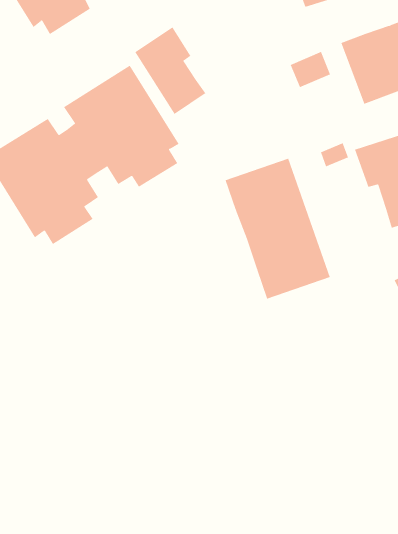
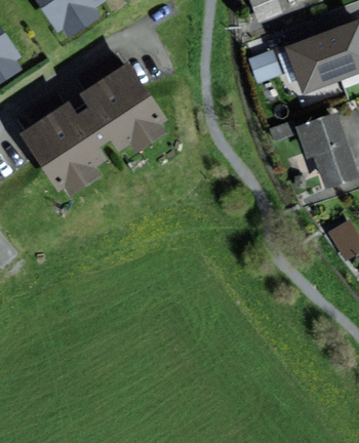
building: [135,27,206,115] -> none
building: [225,158,330,299] -> none

